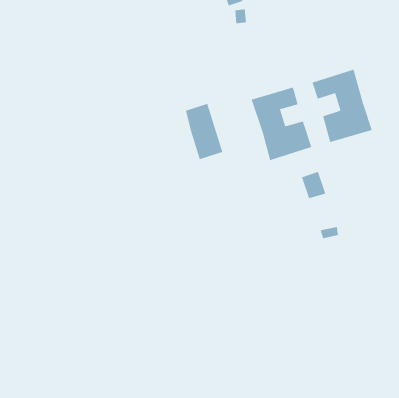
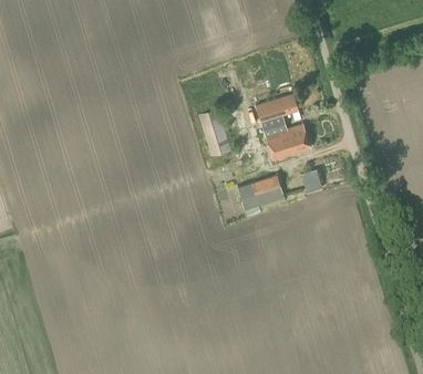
building: [312,69,373,143] -> none
building: none -> [238,175,285,216]

